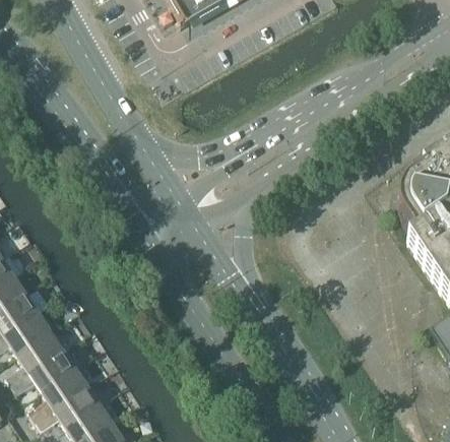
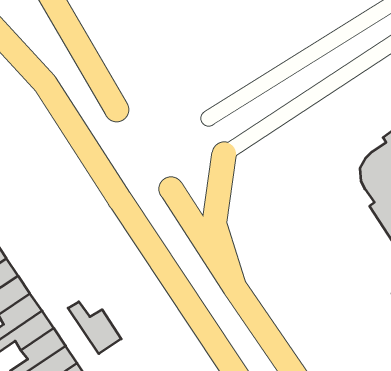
building: none -> [68,302,121,354]

